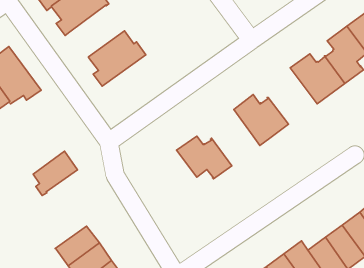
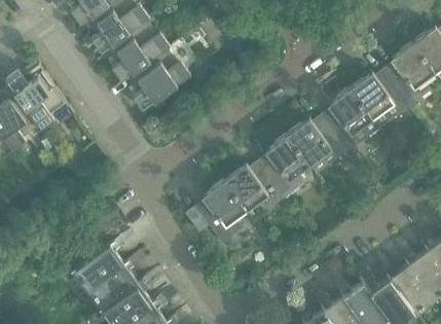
building: none -> [106,19,170,81]
building: none -> [326,88,380,151]
building: none -> [263,135,309,197]
building: none -> [199,180,247,244]
building: [33,151,77,196] -> [75,244,124,293]

